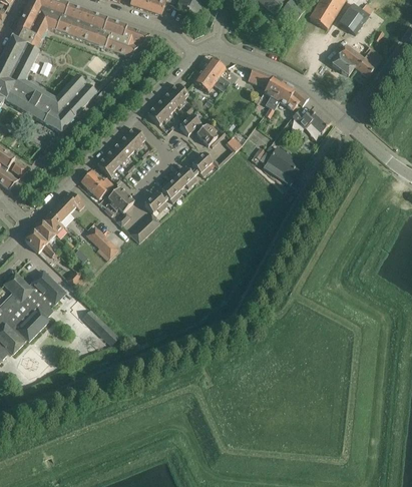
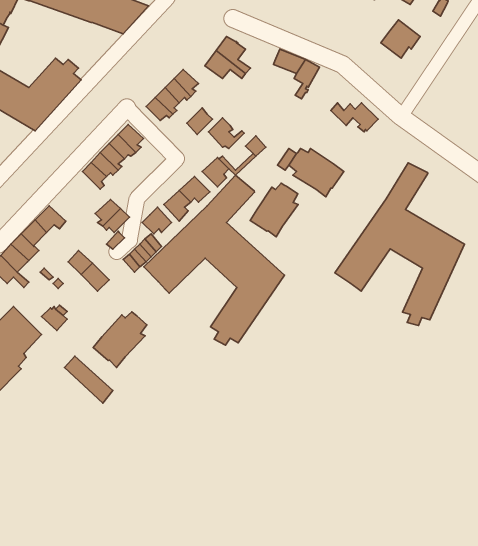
building: [356,47,382,76] -> none
building: [265,82,309,117] -> none
building: none -> [335,163,464,325]
building: none -> [144,175,284,345]
building: [80,170,112,199] -> none
building: none -> [250,183,298,237]
building: none -> [93,312,147,367]

